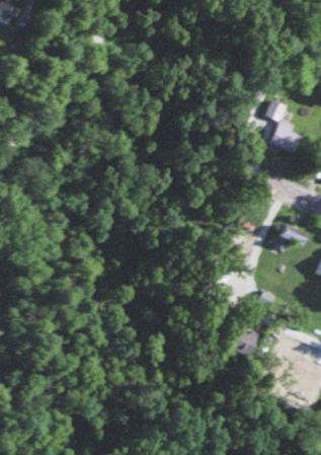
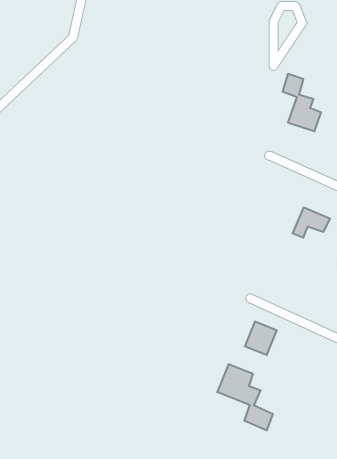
building: none -> [217,364,273,430]

